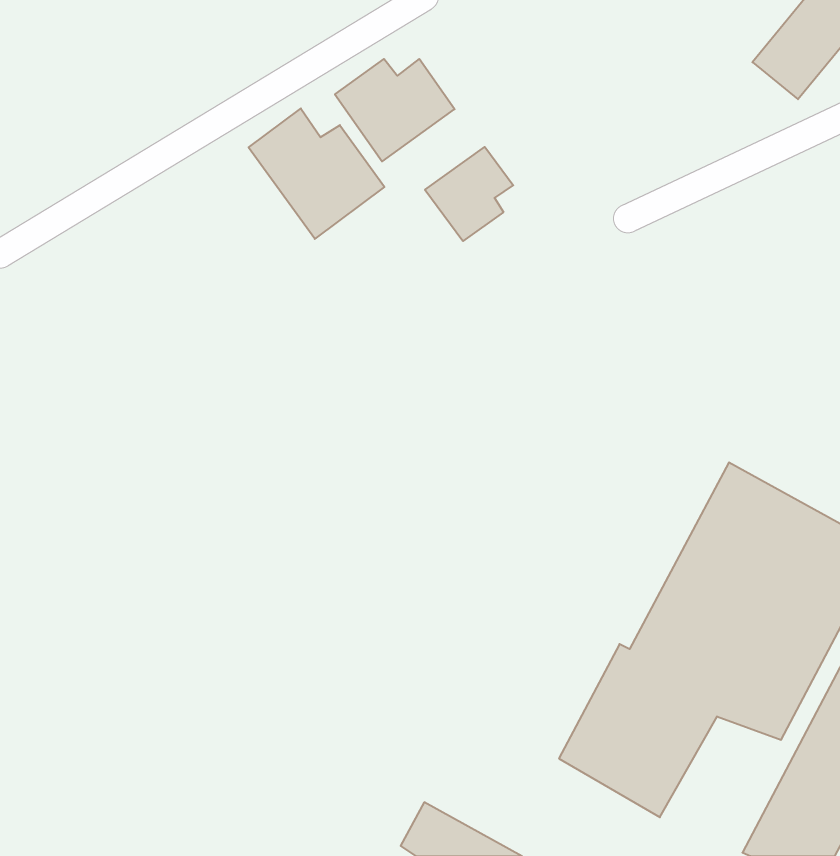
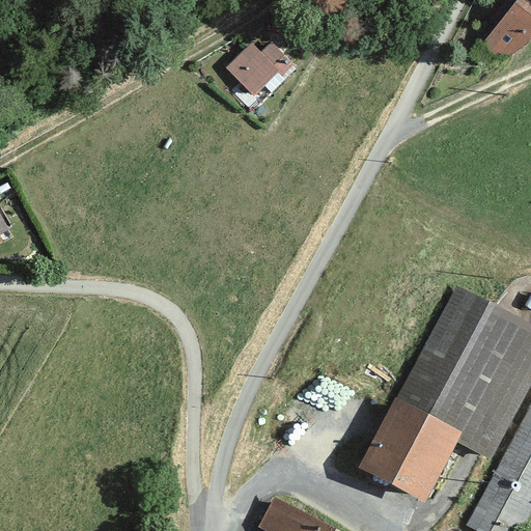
building: [249,108,384,239] -> none
building: [425,147,513,241] -> none

